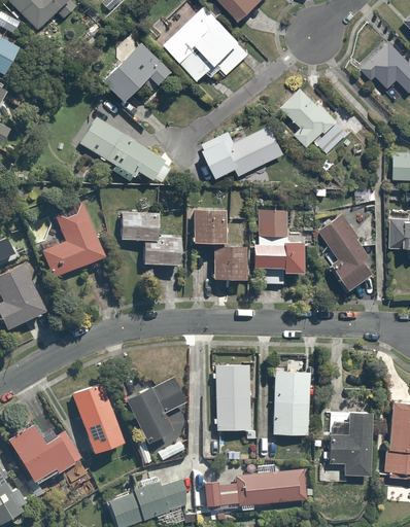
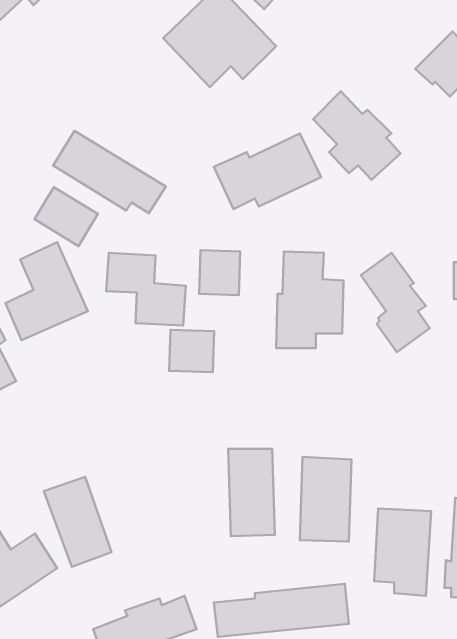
building: [101,40,172,102] -> none
building: none -> [35,187,98,246]
building: [213,247,248,280] -> [169,330,214,372]
building: [127,376,190,445] -> none

